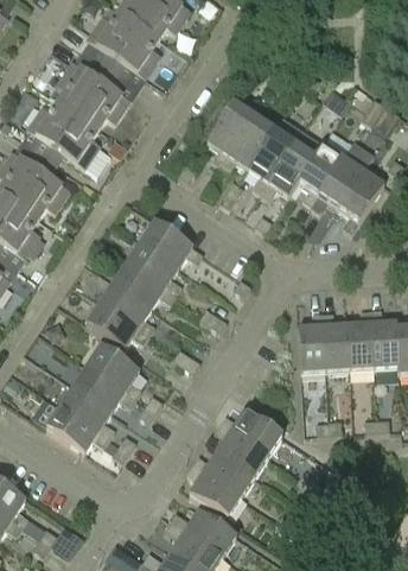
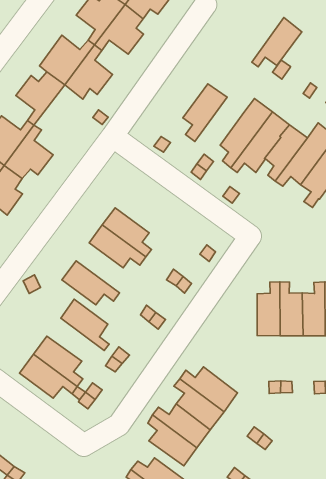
building: [49,113,110,172] -> none
building: [222,116,274,171] -> [252,18,302,67]
building: [140,221,203,267] -> none
building: [101,281,154,334] -> none
building: [74,364,136,410] -> none

